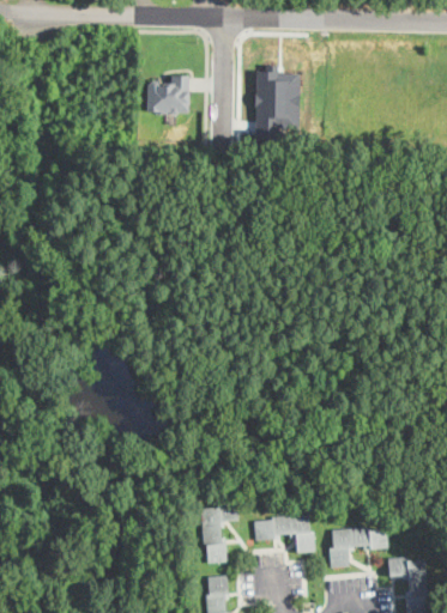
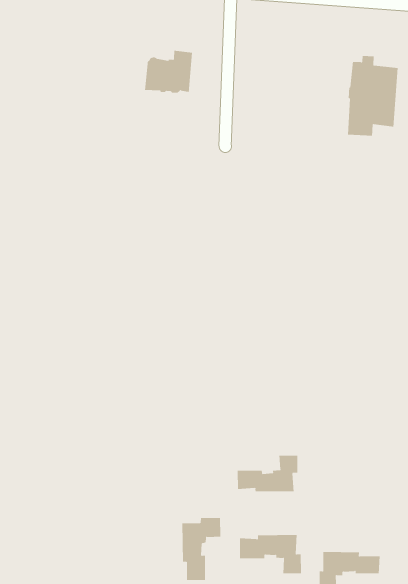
building: [254,63,300,138] -> [347,55,399,136]
building: none -> [237,455,298,492]

